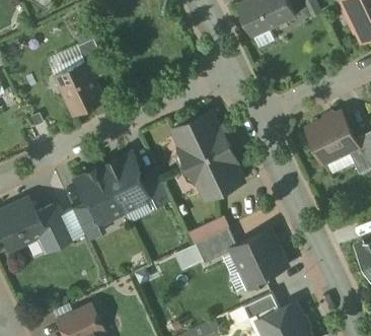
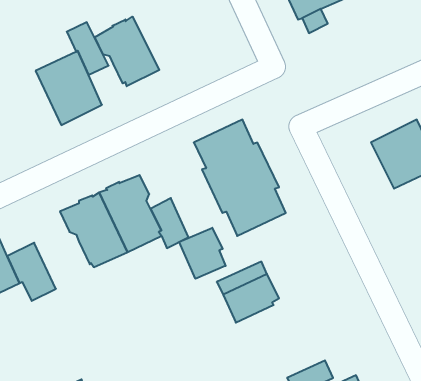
building: none -> [95,17,159,86]
building: none -> [179,228,226,279]
building: [71,203,101,240] -> none
building: [231,230,285,286] -> none

